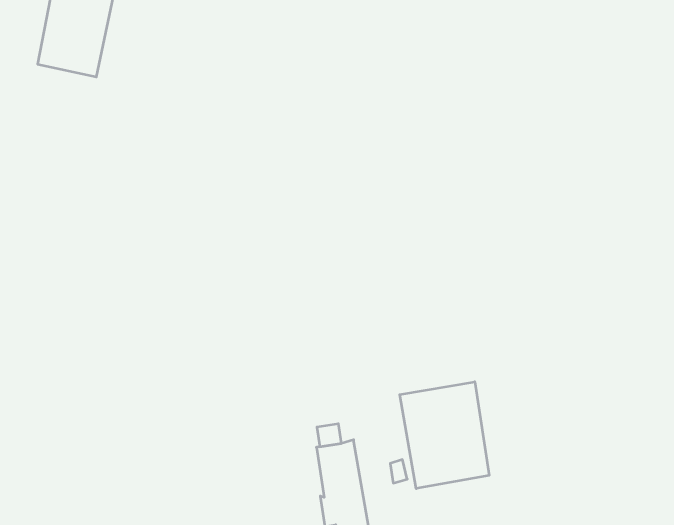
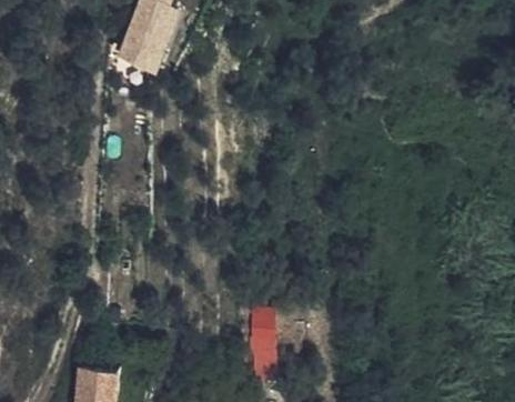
building: [400,382,489,489] -> none

